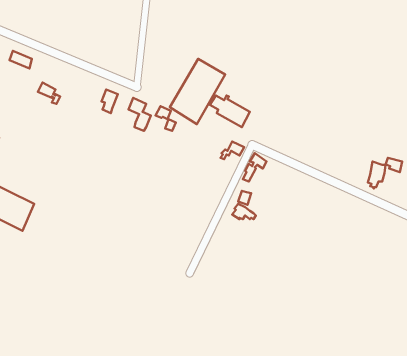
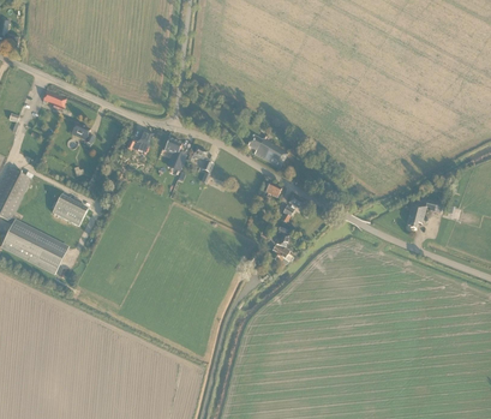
building: [170,59,225,124] -> none
building: none -> [52,194,88,226]

